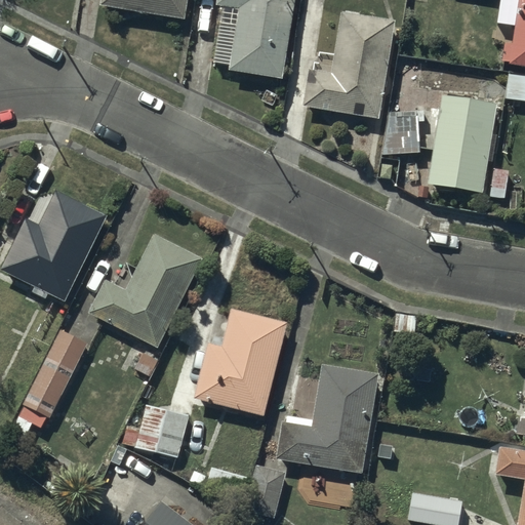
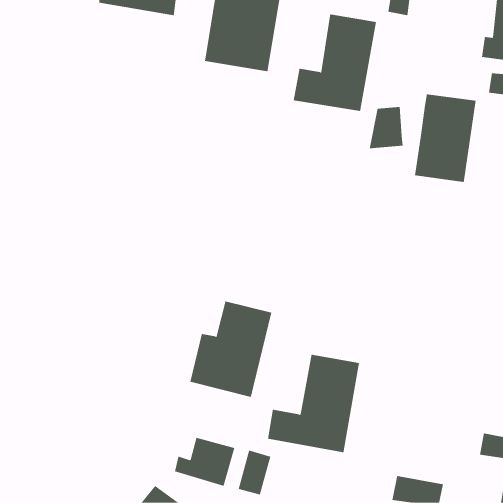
building: [5,193,105,297] -> none
building: [91,237,200,345] -> none
building: [11,328,87,437] -> none
building: [126,406,190,457] -> [174,437,235,486]

